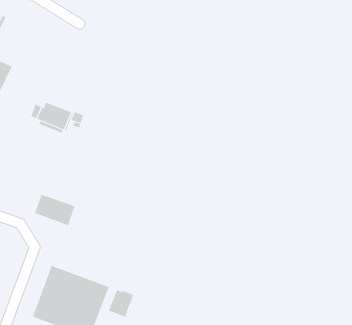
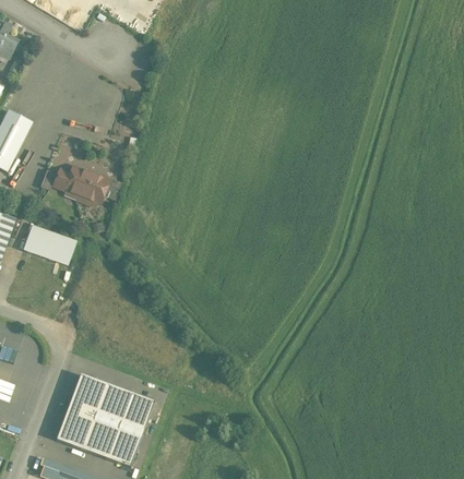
building: [34,194,75,226] -> [23,225,75,265]
building: [108,289,134,317] -> none

